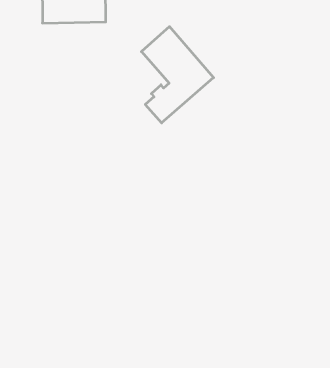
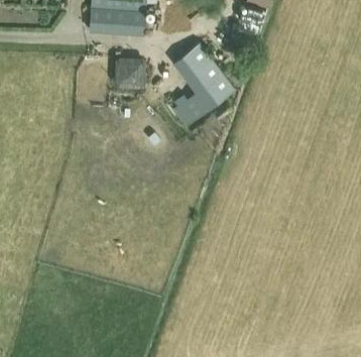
building: none -> [120,57,150,89]

